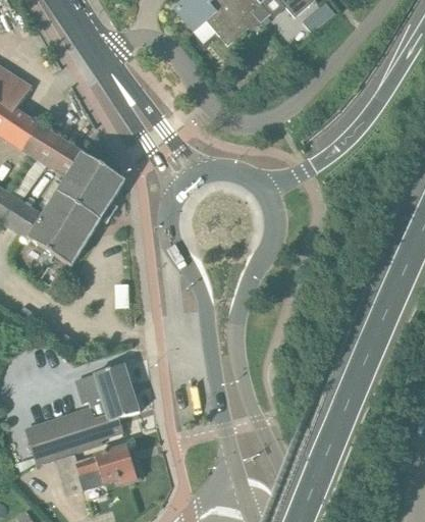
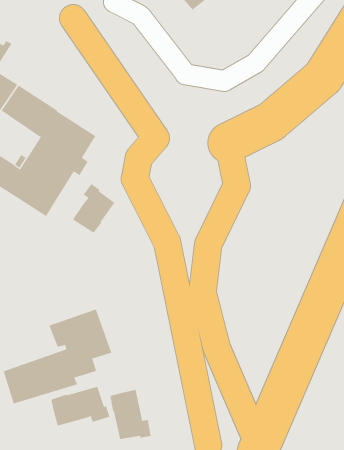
building: none -> [72,183,115,233]
building: none -> [110,389,151,440]

